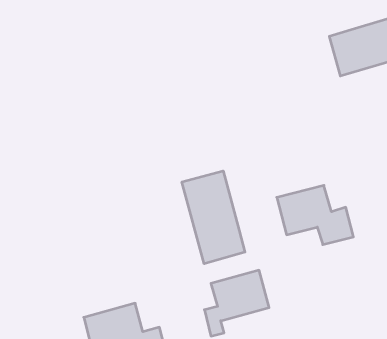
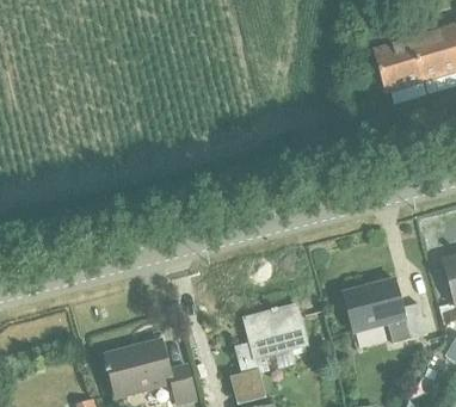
building: [182,171,245,264] -> none
building: [277,185,353,245] -> [343,279,426,344]

